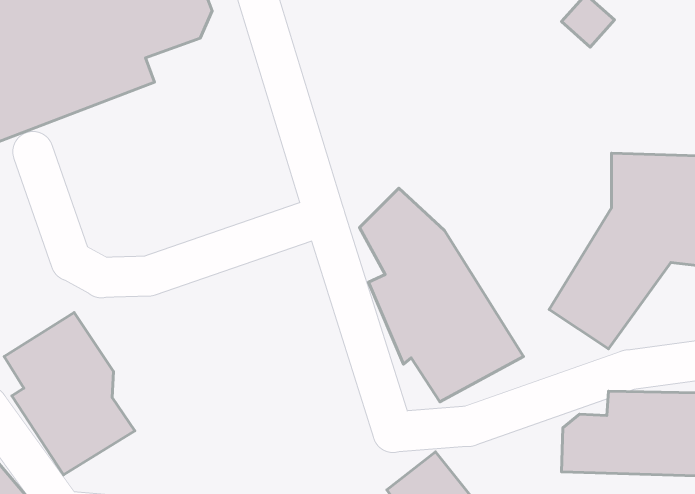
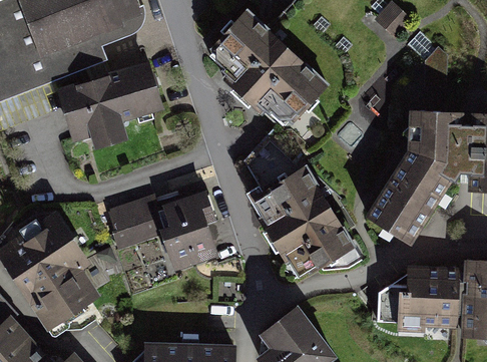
building: none -> [213,17,333,135]
building: none -> [70,64,173,145]
building: none -> [108,195,224,273]

